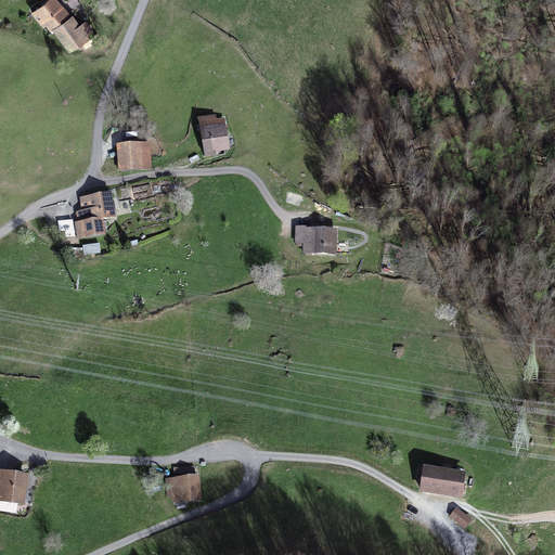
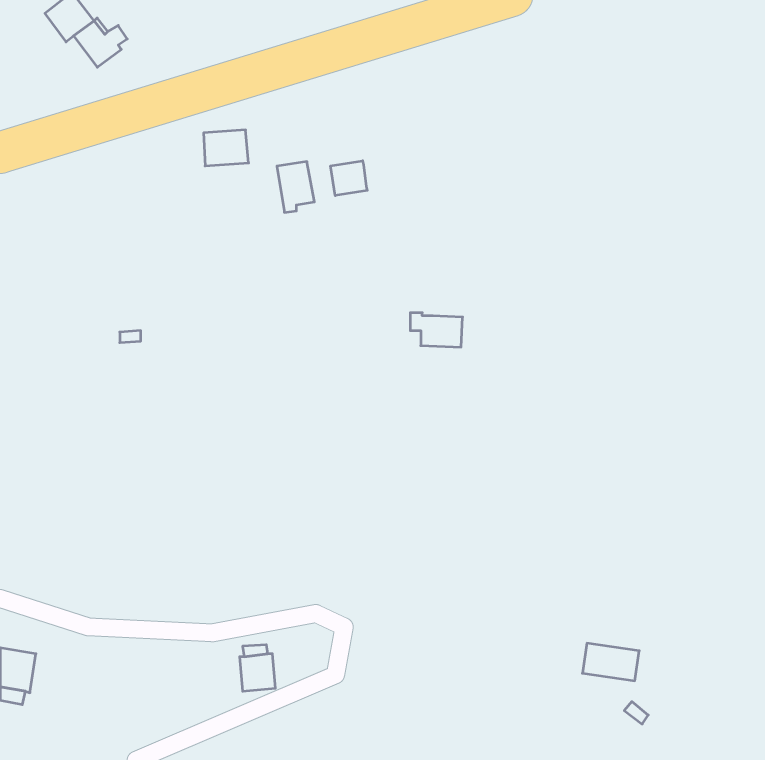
building: none -> [331,161,367,196]
building: [118,143,151,169] -> [204,130,249,166]
building: [75,192,115,236] -> none

